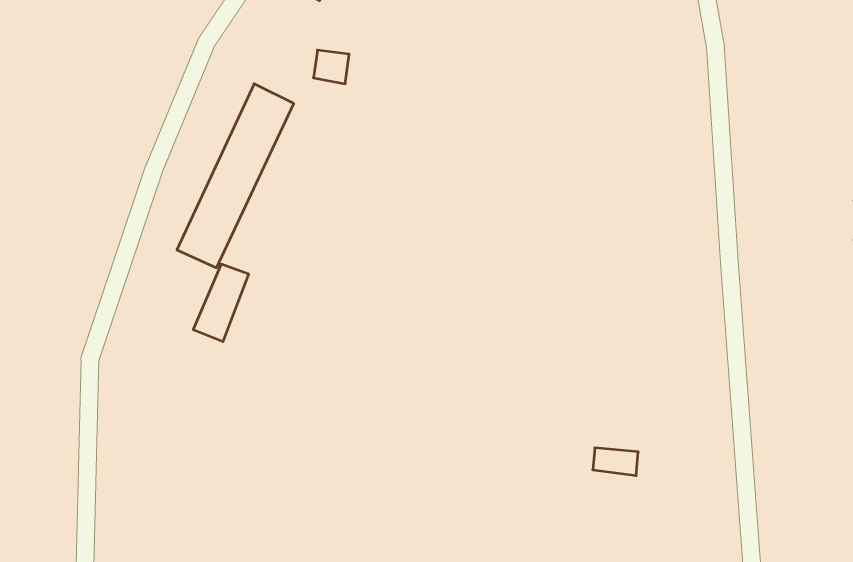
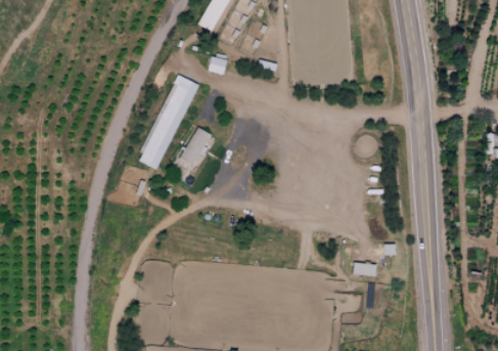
building: [193,264,249,342] -> [181,127,210,167]

